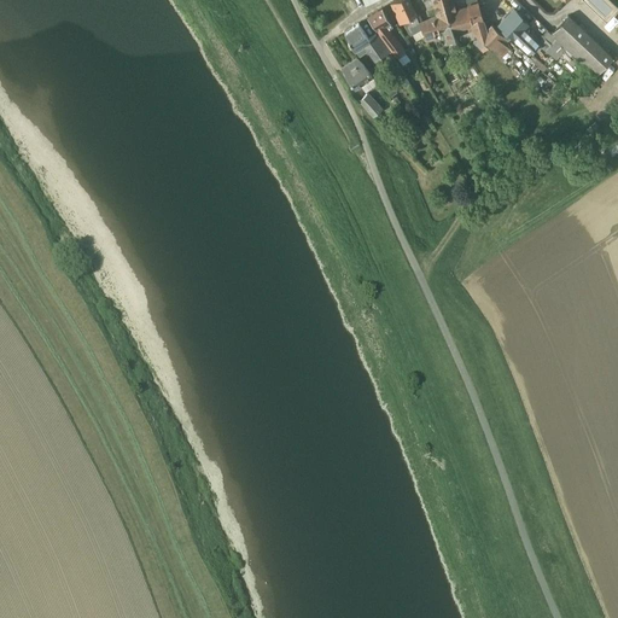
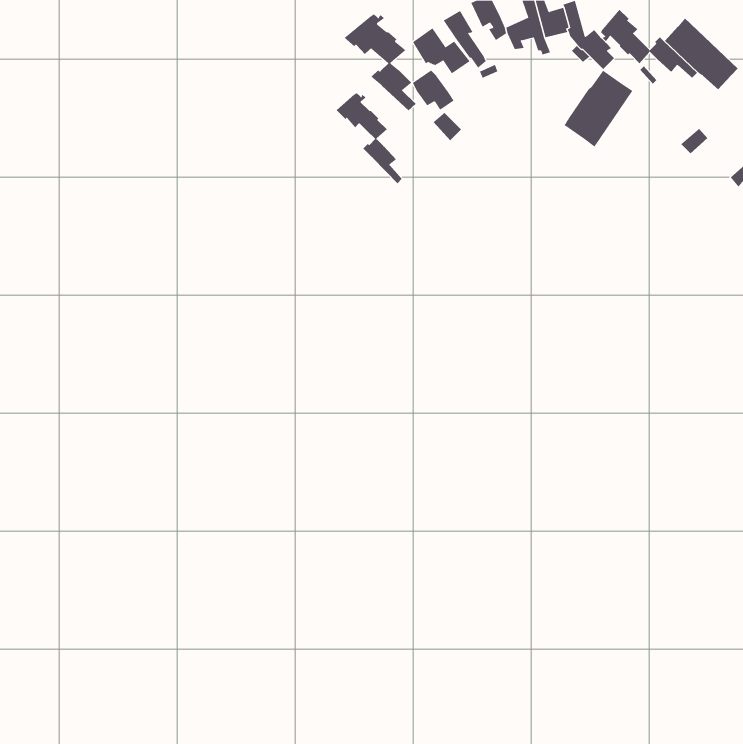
building: none -> [343,14,416,111]
building: none -> [564,70,633,147]
building: none -> [336,92,403,184]

